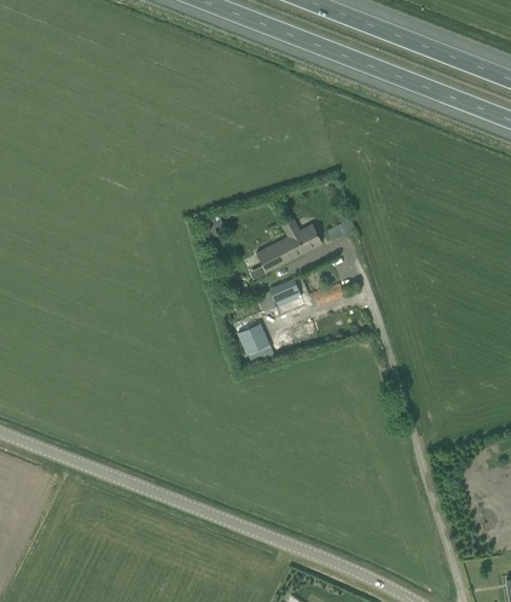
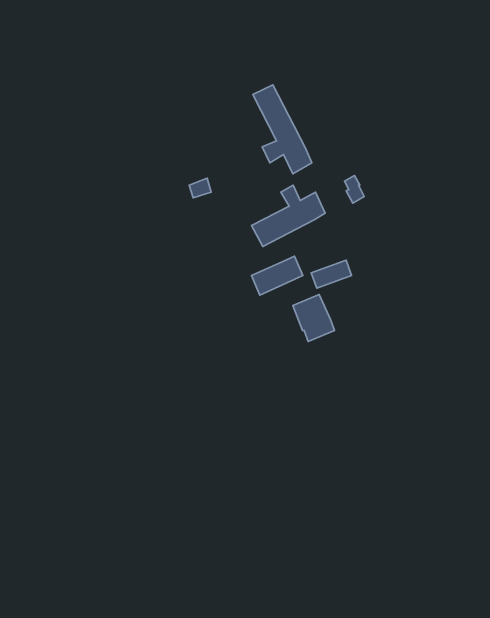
building: none -> [253,85,312,174]
building: [238,323,274,364] -> [293,294,335,342]

